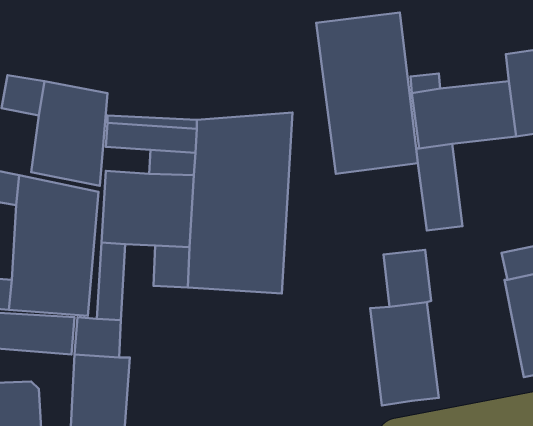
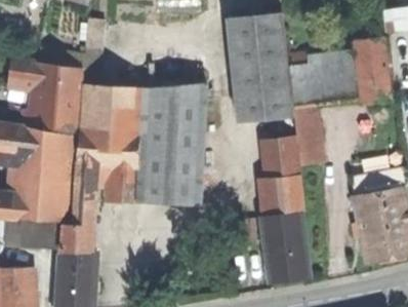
building: none -> [266,137,299,181]

